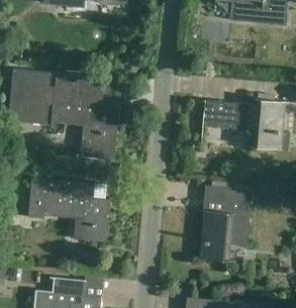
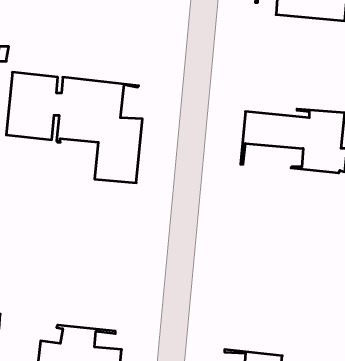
building: [27,178,110,243] -> none
building: [198,186,252,263] -> none

